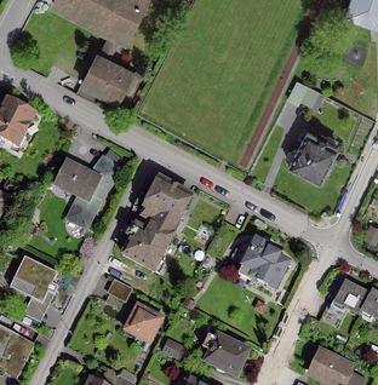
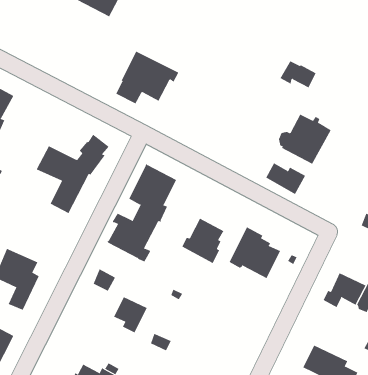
building: [76,52,137,103] -> [116,51,179,104]
building: none -> [265,163,306,195]
building: none -> [182,218,224,264]
building: [202,334,247,374] -> none

